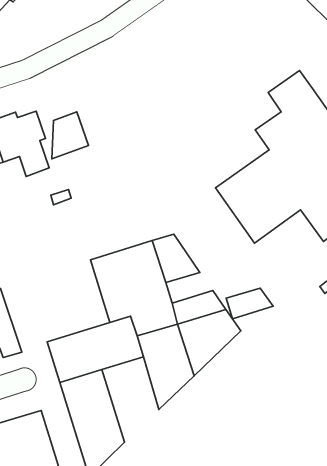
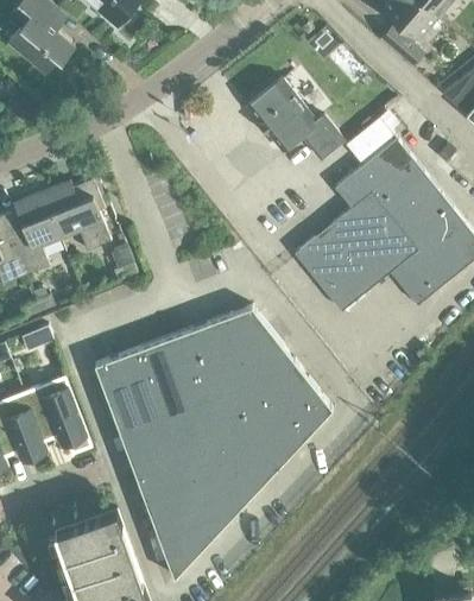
building: none -> [246,81,342,159]
building: [52,112,88,159] -> none
building: none -> [94,340,187,432]
building: [226,288,273,319] -> [246,347,298,382]
building: none -> [181,443,246,538]

